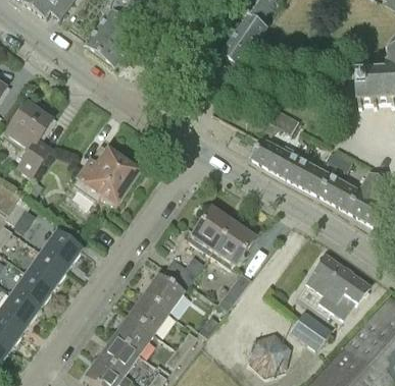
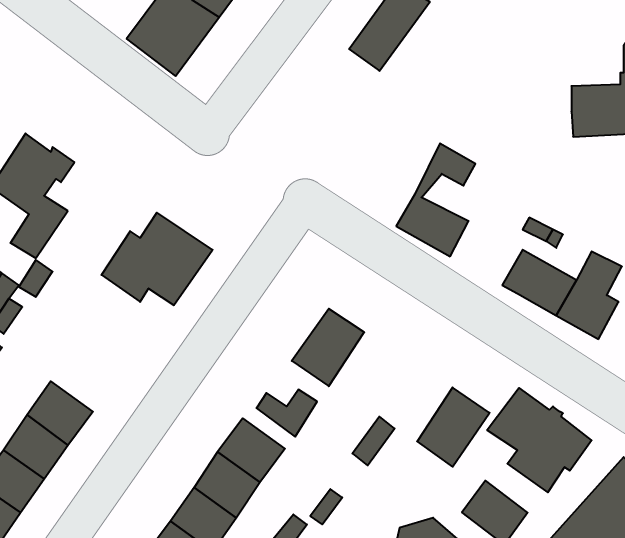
building: [283,155,327,194] -> none
building: [209,222,253,270] -> [417,387,490,467]
building: [41,230,81,270] -> none

